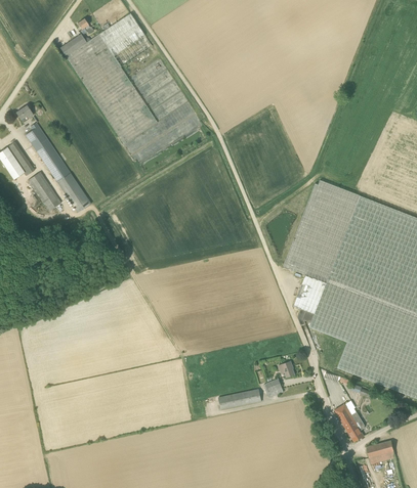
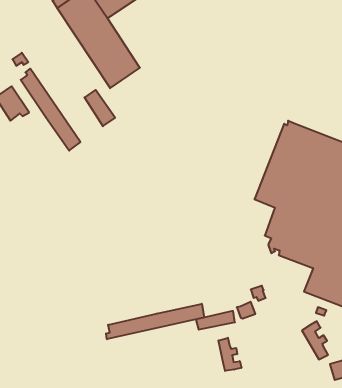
building: [28,172,61,212] -> [84,90,115,126]
building: none -> [106,304,204,339]
building: none -> [218,338,241,371]

